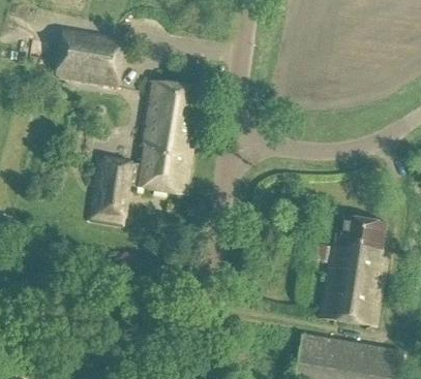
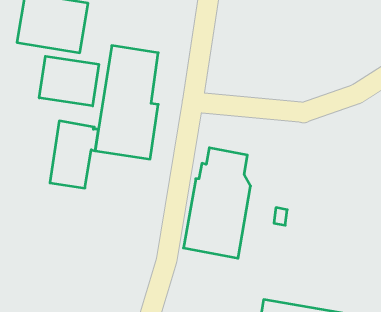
building: none -> [39,56,99,106]
building: [320,216,387,326] -> [183,148,251,258]

